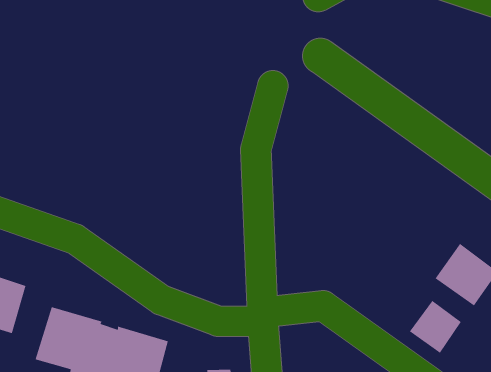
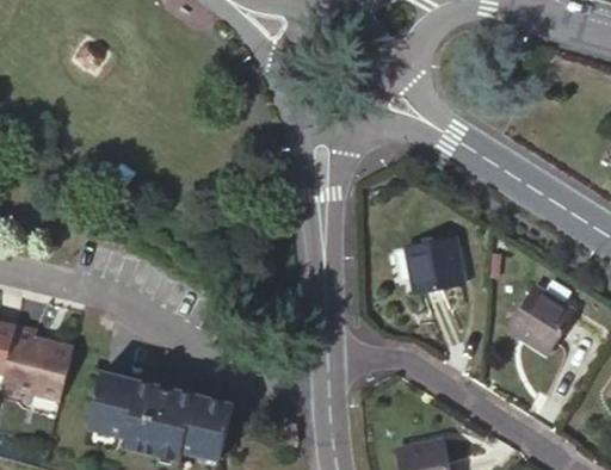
building: none -> [403,231,462,290]
building: [409,300,462,354] -> none

